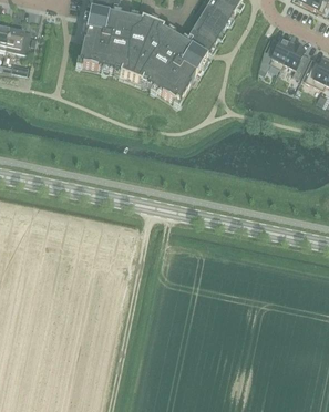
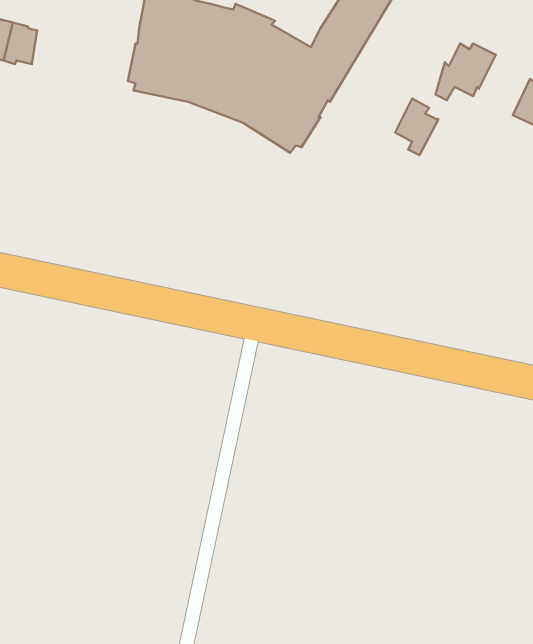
building: [285,43,310,76] -> [395,99,438,155]

